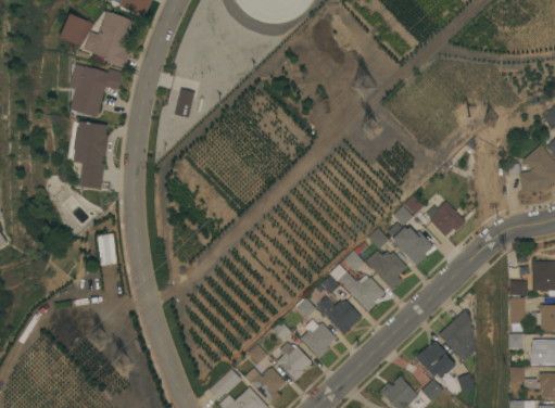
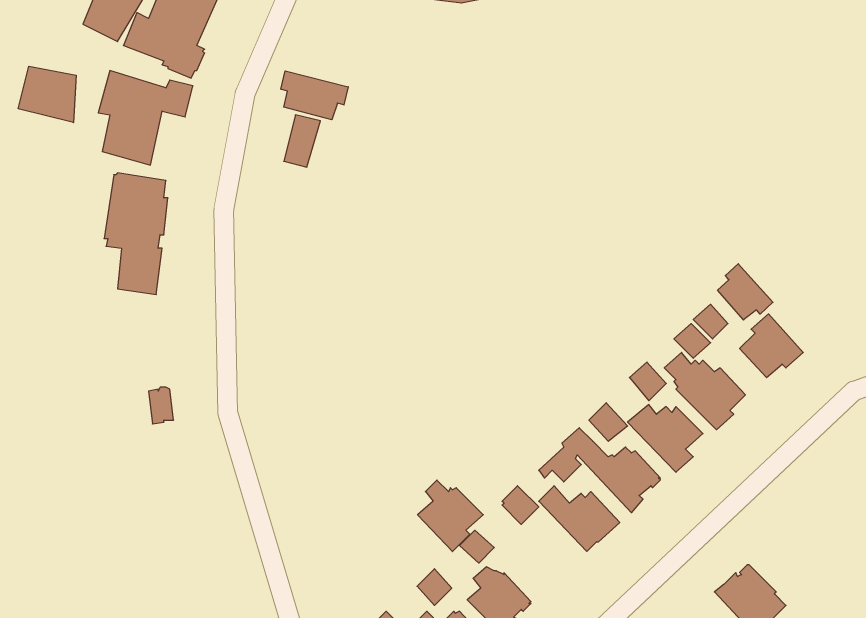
building: none -> [18,66,76,123]
building: none -> [281,71,348,120]
building: none -> [718,264,773,320]
building: [440,309,476,361] -> none
building: [300,318,337,358] -> [418,480,483,552]

